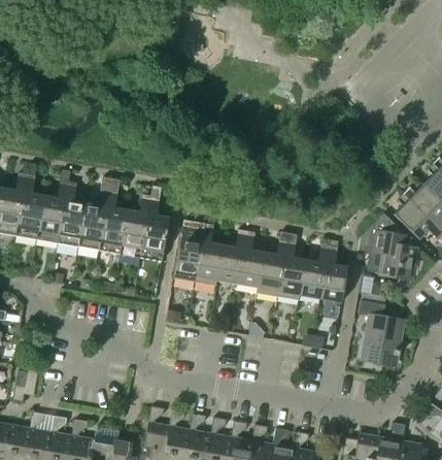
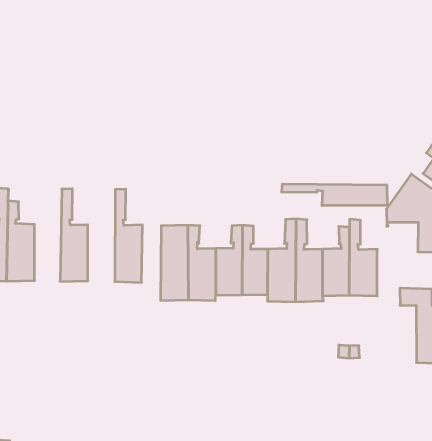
building: [78,176,111,250] -> none
building: [120,186,152,257] -> none
building: none -> [282,184,387,206]

